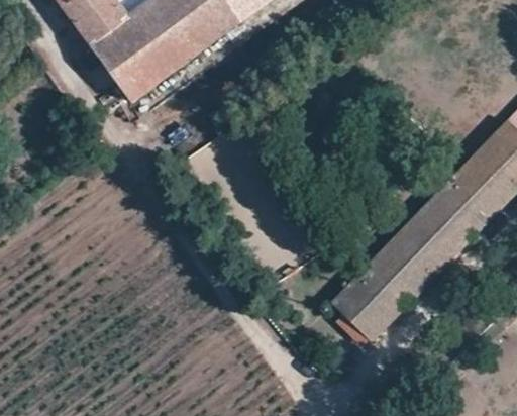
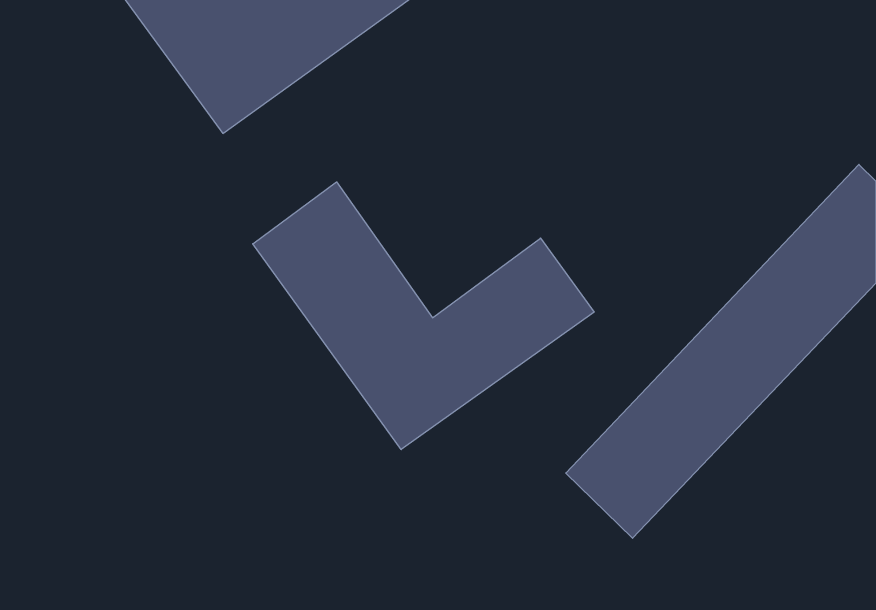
building: none -> [253,182,594,450]

